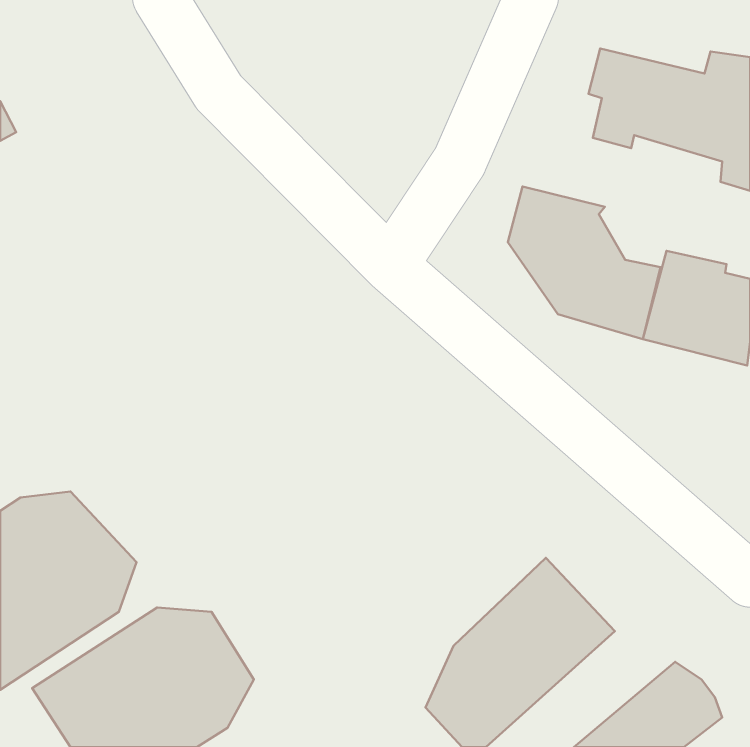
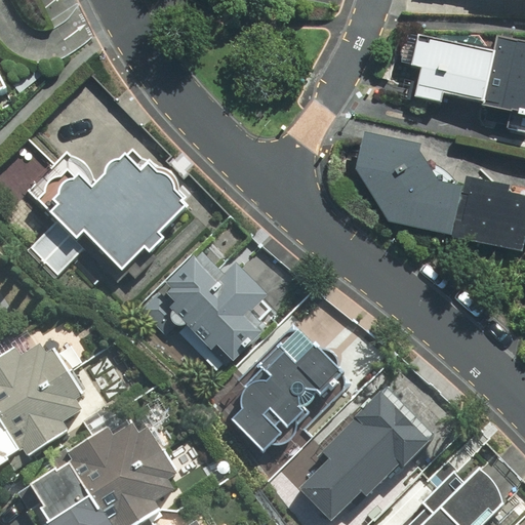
building: none -> [47,152,186,267]
building: none -> [149,239,274,363]
building: none -> [235,327,356,470]

